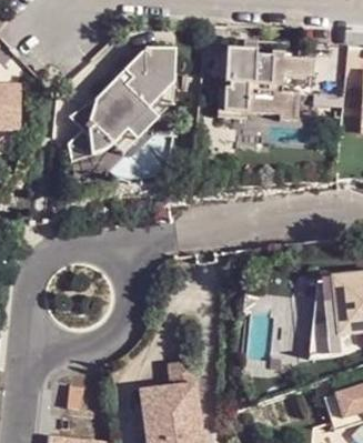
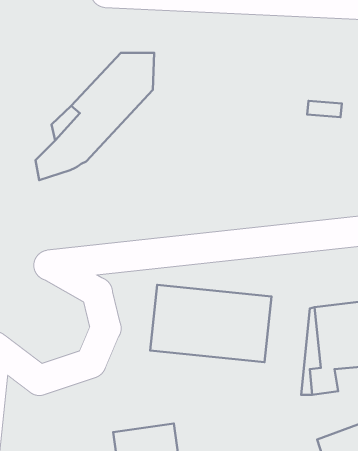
building: [218,40,315,121] -> none
building: none -> [150,285,271,362]

